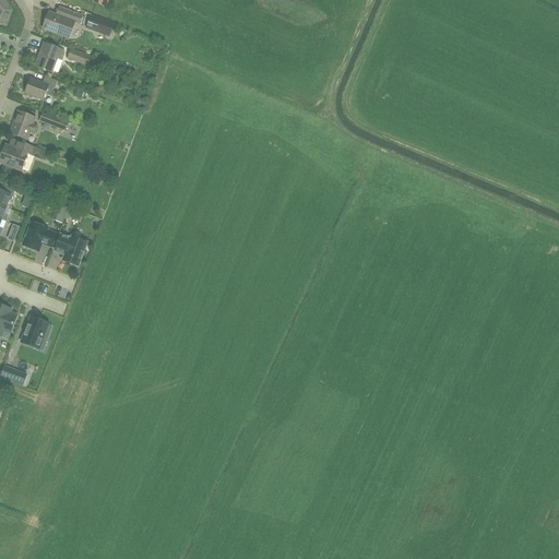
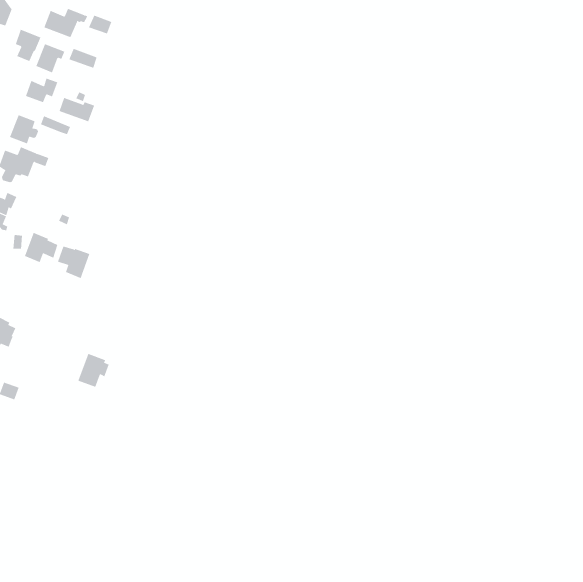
building: none -> [15,29,41,62]
building: none -> [59,97,95,122]
building: [20,314,50,347] -> [78,353,110,388]

